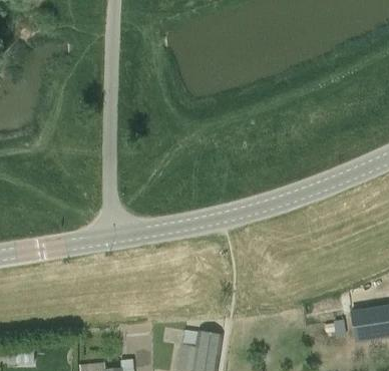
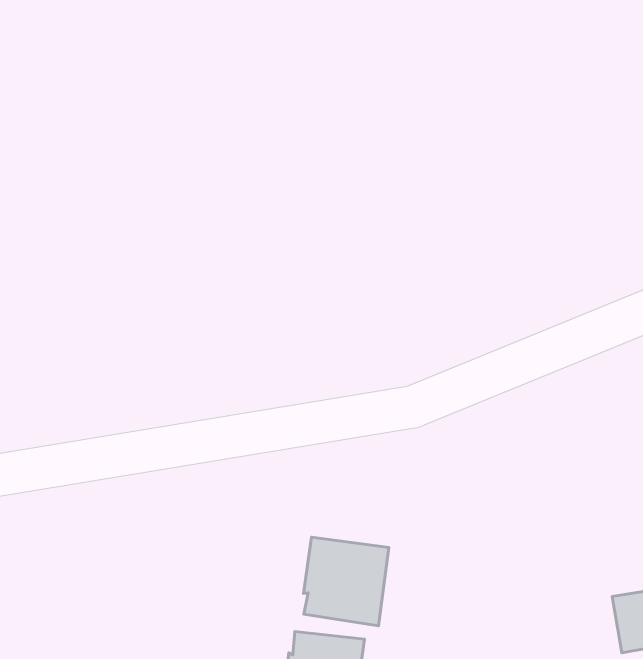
building: none -> [303,537,389,626]

